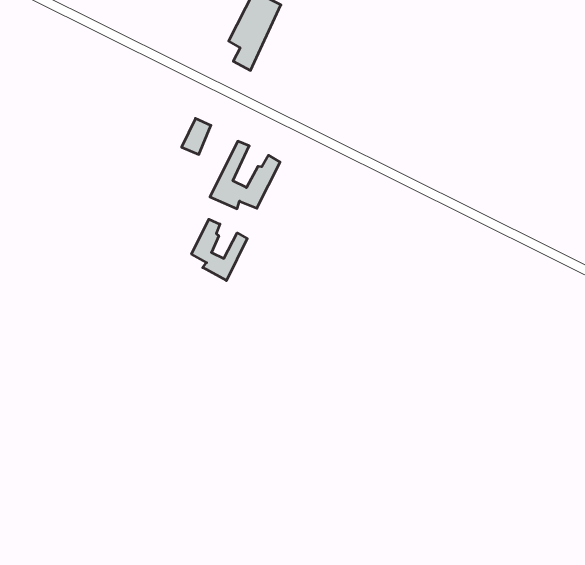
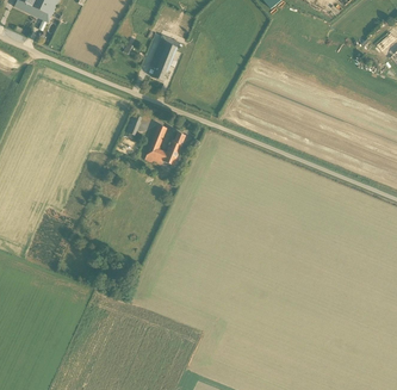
building: [192,219,247,281] -> none

